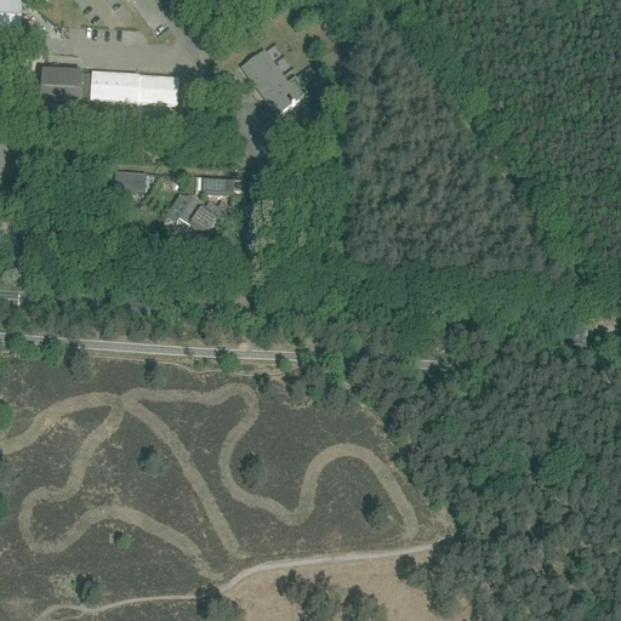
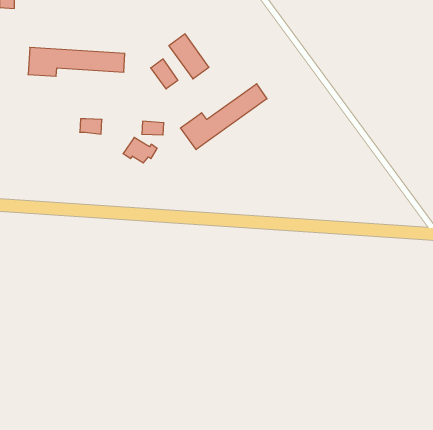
building: none -> [151,59,178,89]
building: none -> [181,84,267,150]

